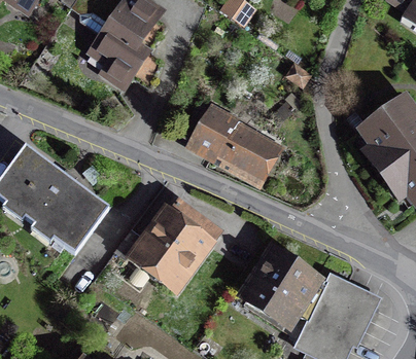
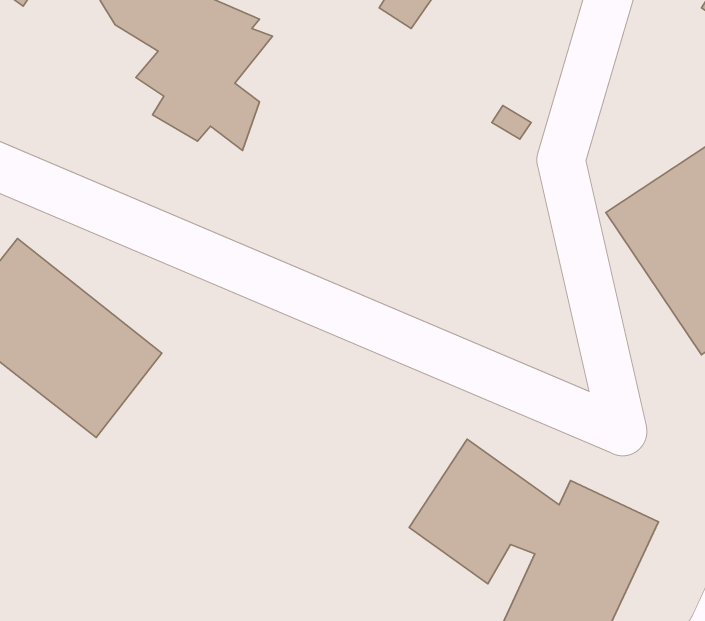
building: [184,103,283,186] -> none
building: [124,190,223,292] -> none

